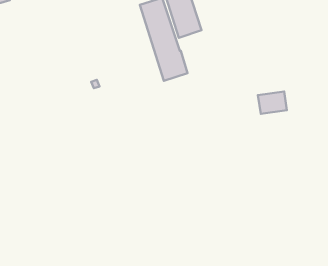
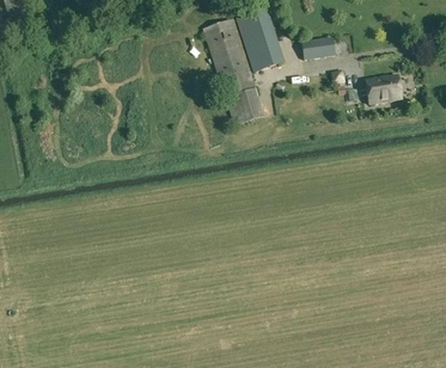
building: none -> [299,35,334,59]
building: [258,91,287,114] -> [363,74,401,103]

